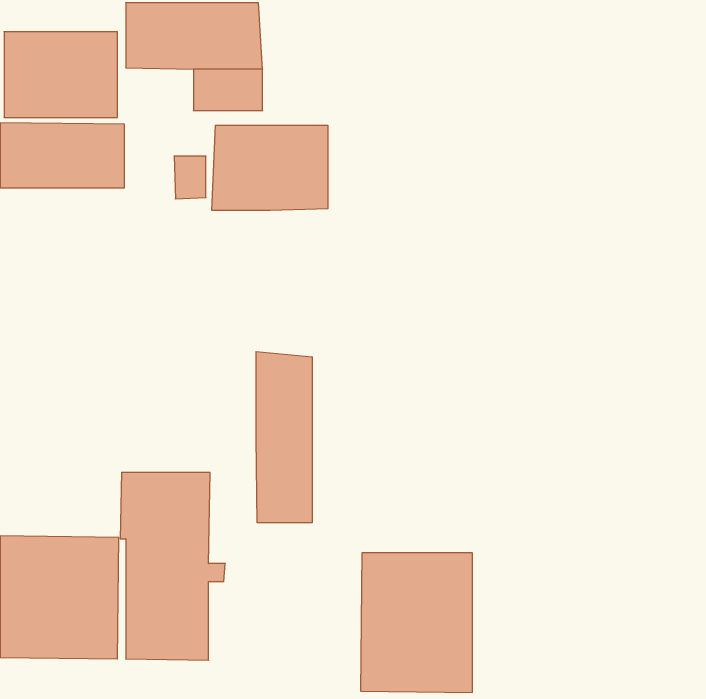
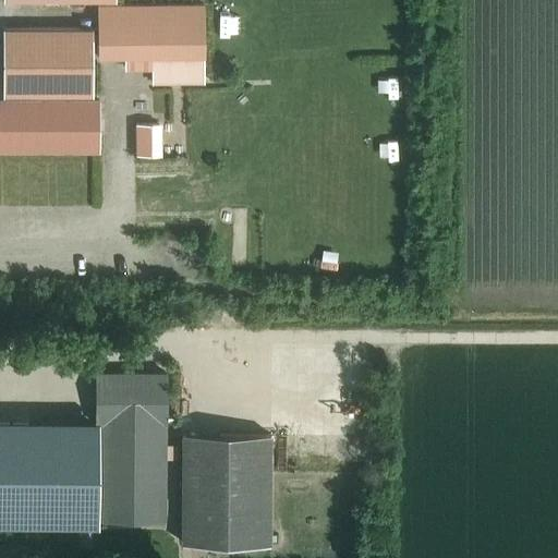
building: [212,125,328,210] -> none
building: [256,352,312,523] -> none
building: [361,553,472,692] -> [181,439,269,549]

